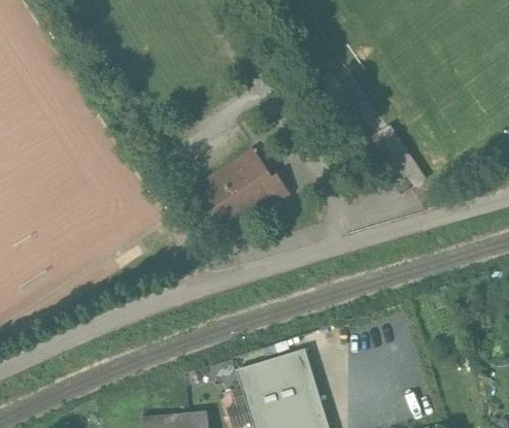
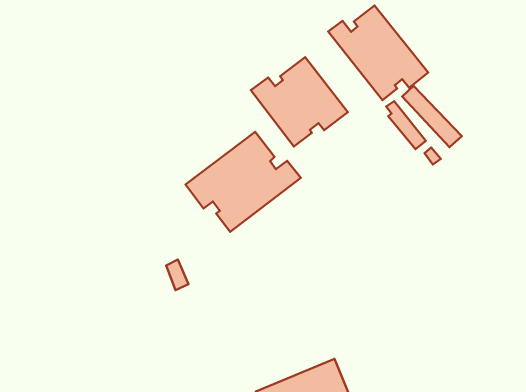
building: none -> [328,5,428,100]
building: none -> [251,57,348,147]

